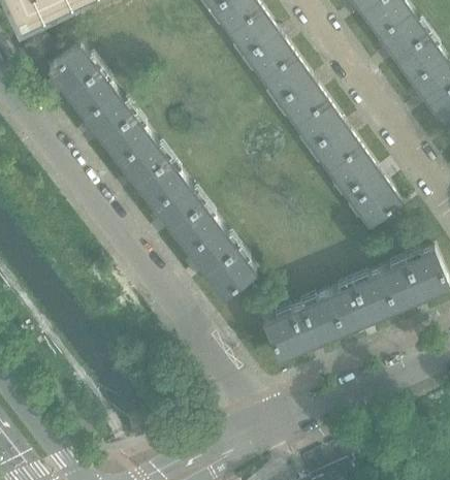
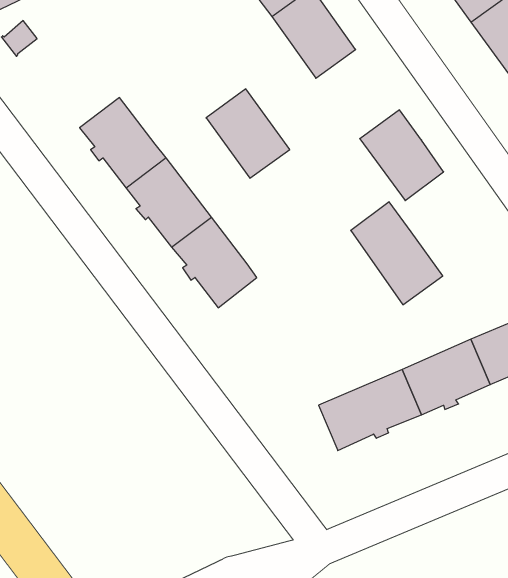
building: [50,46,115,115] -> none
building: [262,56,325,123] -> [206,89,290,178]
building: [329,148,398,225] -> [351,202,443,305]
building: [189,227,253,295] -> none

